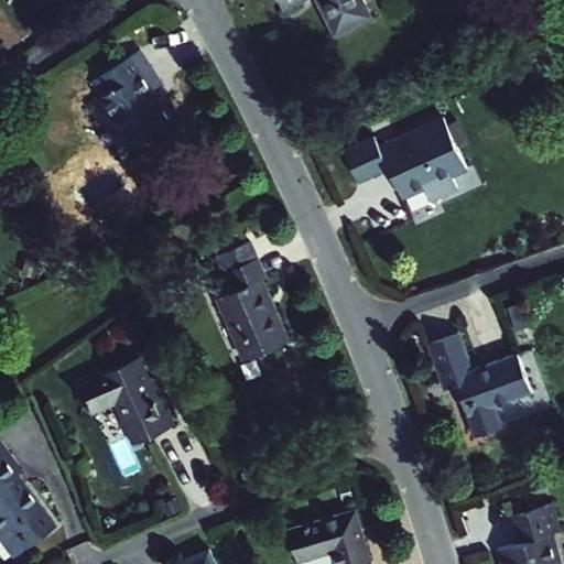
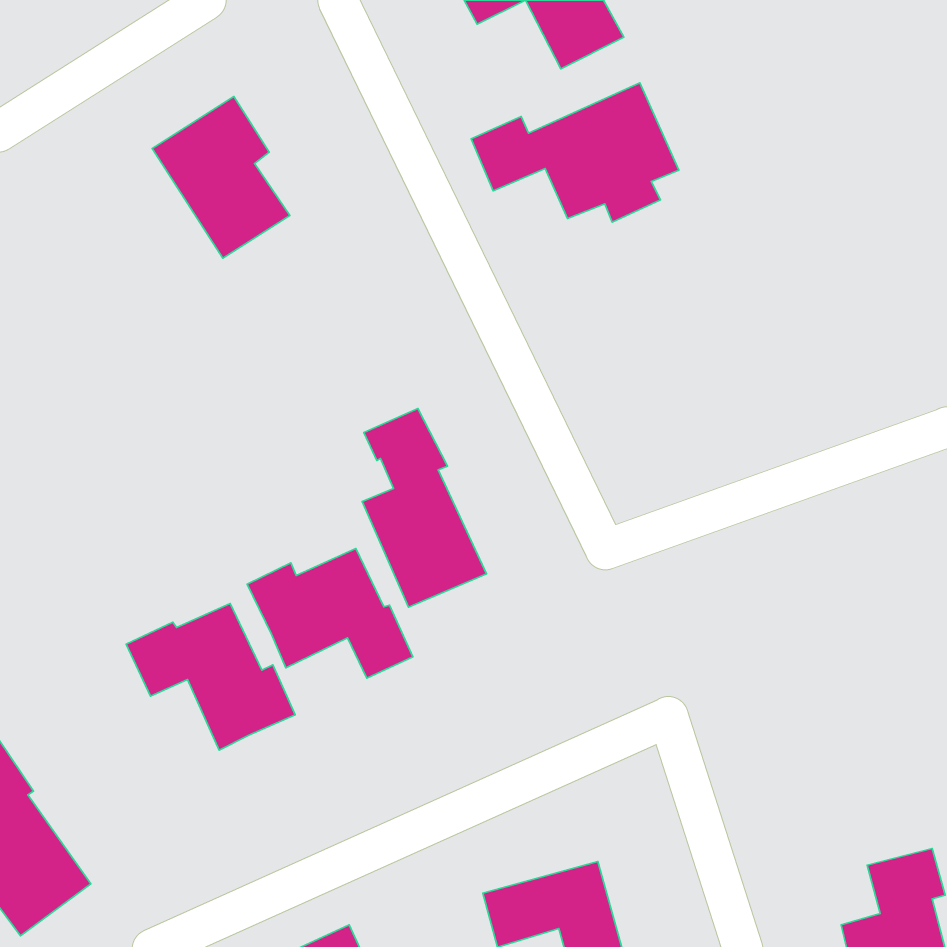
building: [344,119,467,202] -> [471,83,679,222]
building: none -> [247,548,413,678]
building: [430,332,532,437] -> none

